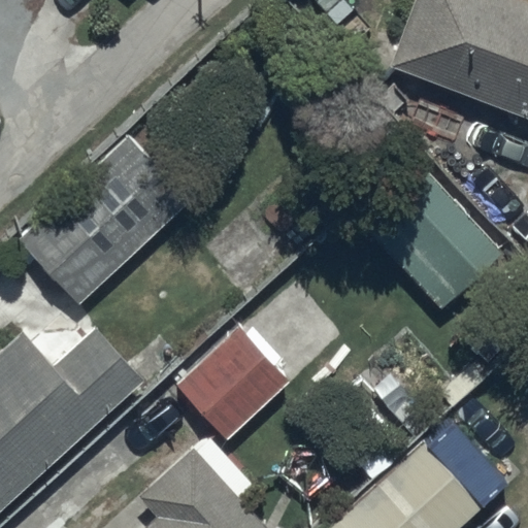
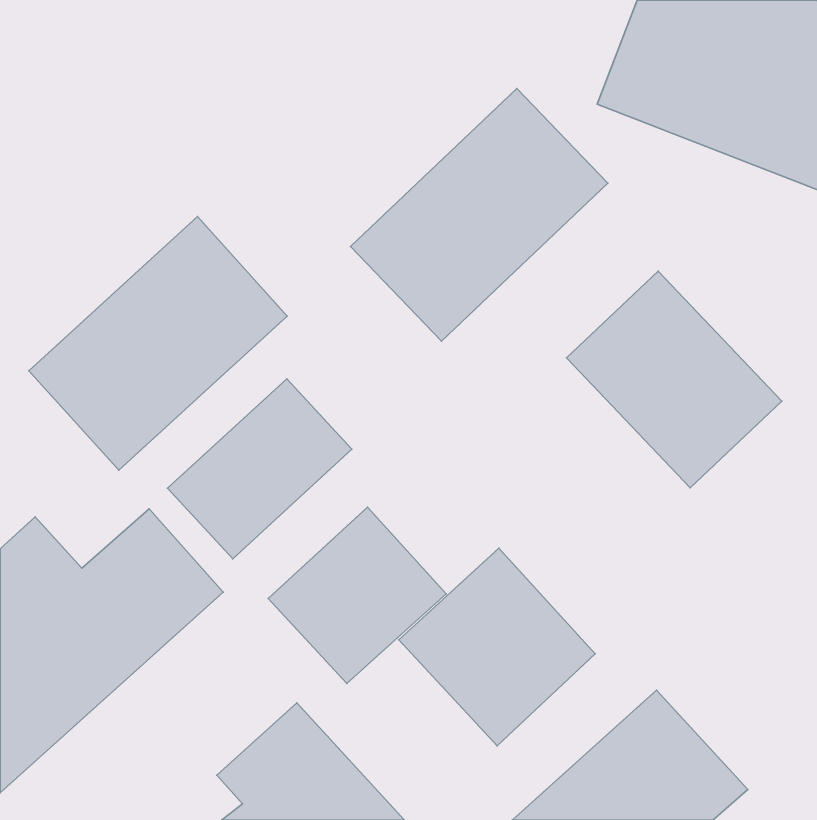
building: none -> [350,88,608,341]
building: none -> [168,379,352,559]
building: none -> [399,548,595,746]

